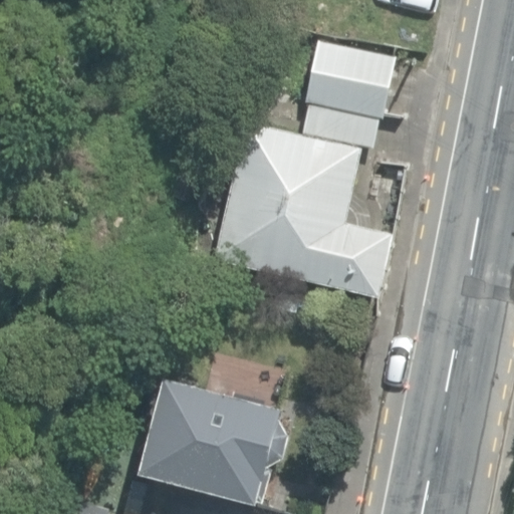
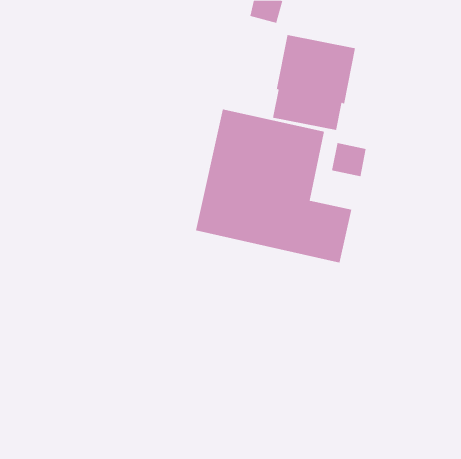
building: [143,380,283,505] -> none

